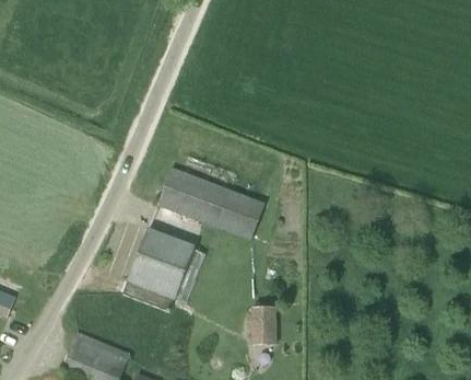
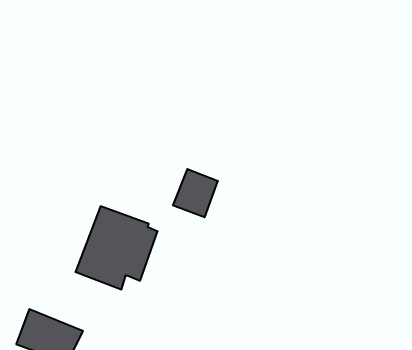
building: [156,166,233,227] -> none
building: [250,306,275,344] -> none

